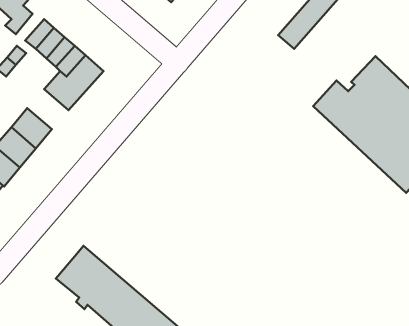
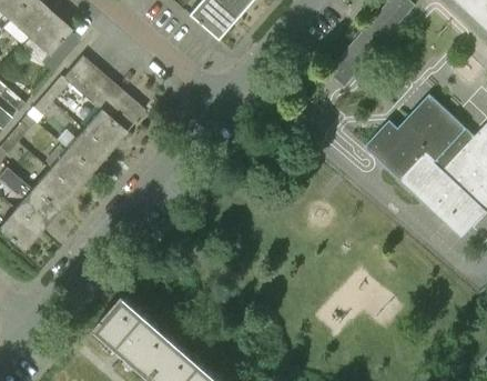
building: none -> [65,129,109,171]

